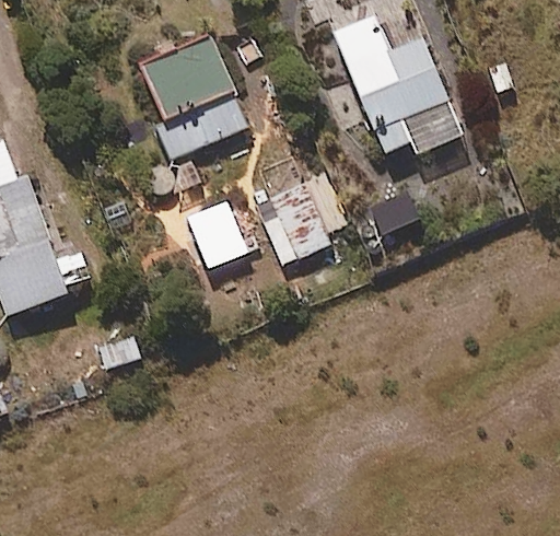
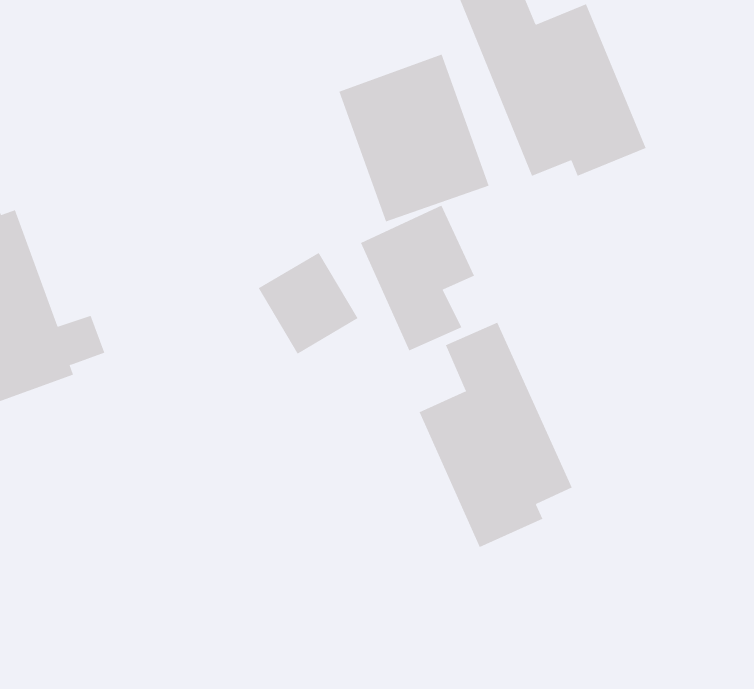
building: [140,38,245,155] -> [338,54,489,222]
building: none -> [419,322,573,548]

